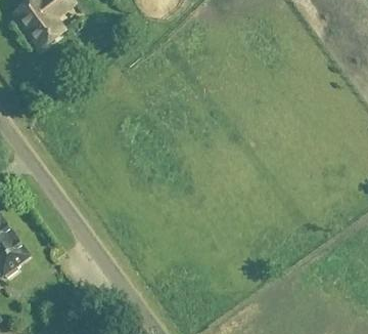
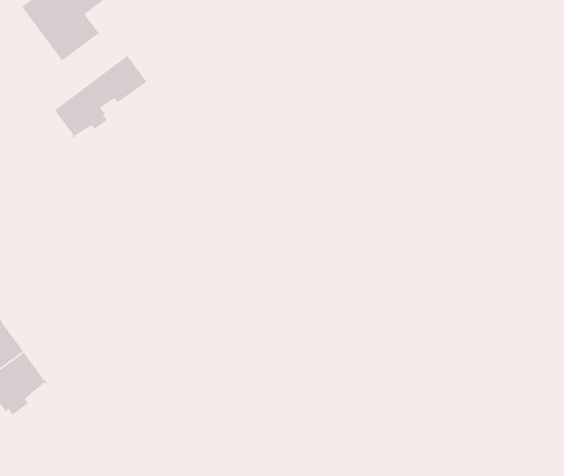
building: none -> [54,55,147,139]

